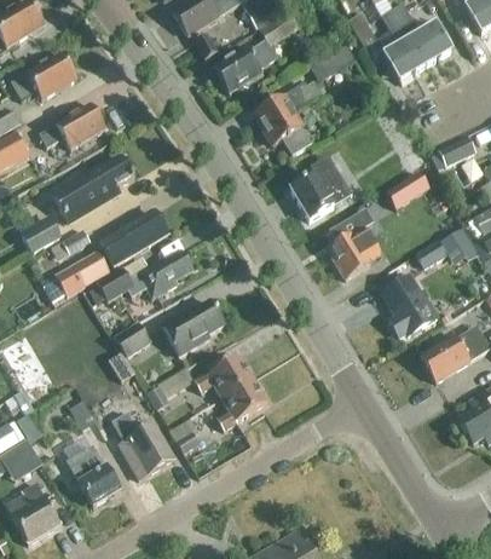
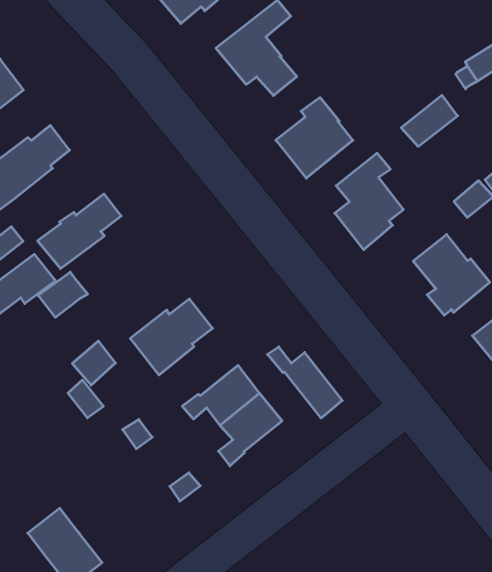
building: [128,250,192,298] -> none
building: none -> [267,347,342,418]
building: [112,413,174,478] -> none

